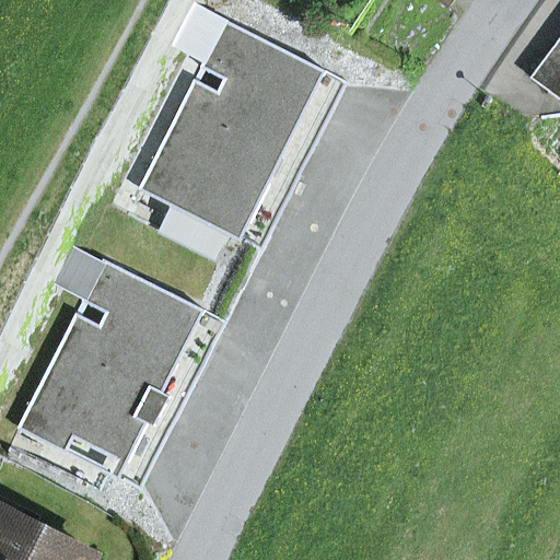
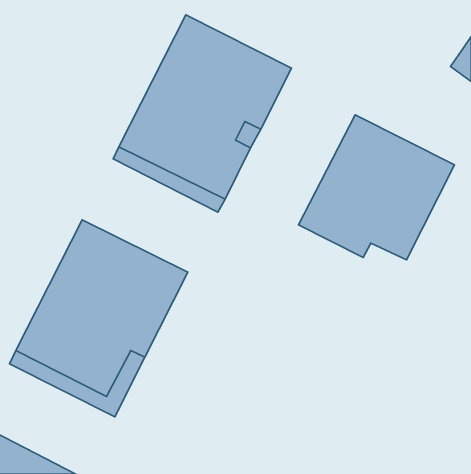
building: none -> [299,115,455,260]

